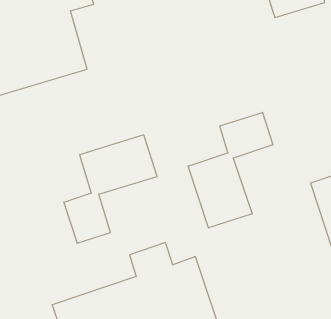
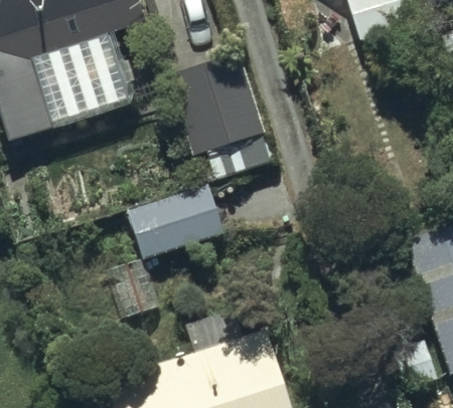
building: none -> [166,52,276,176]
building: [188,112,273,228] -> none

